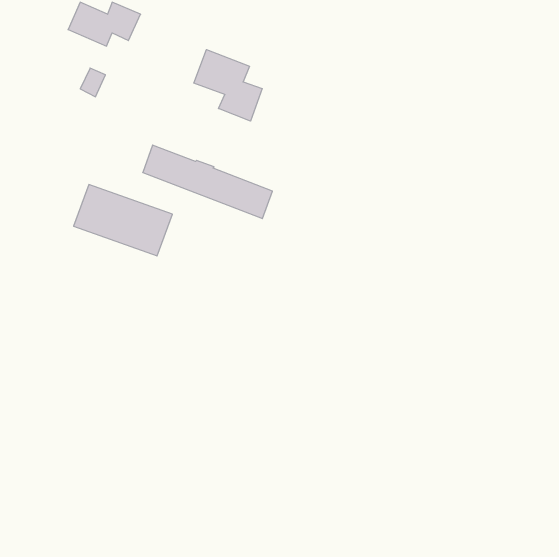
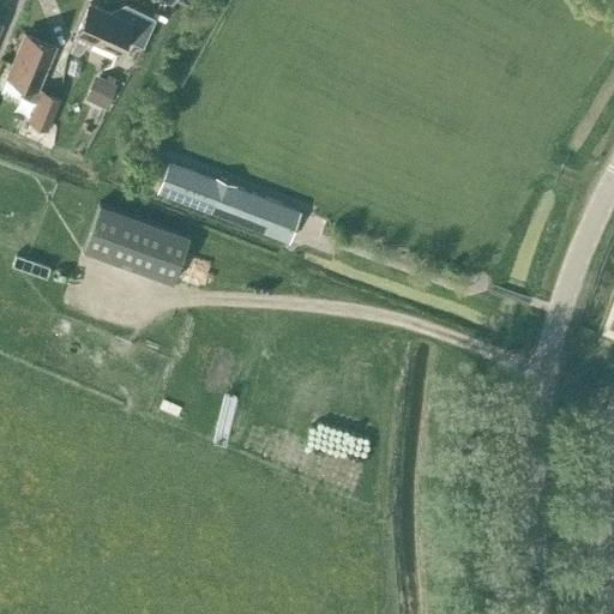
building: none -> [8,37,60,131]
building: [194,50,262,121] -> none

